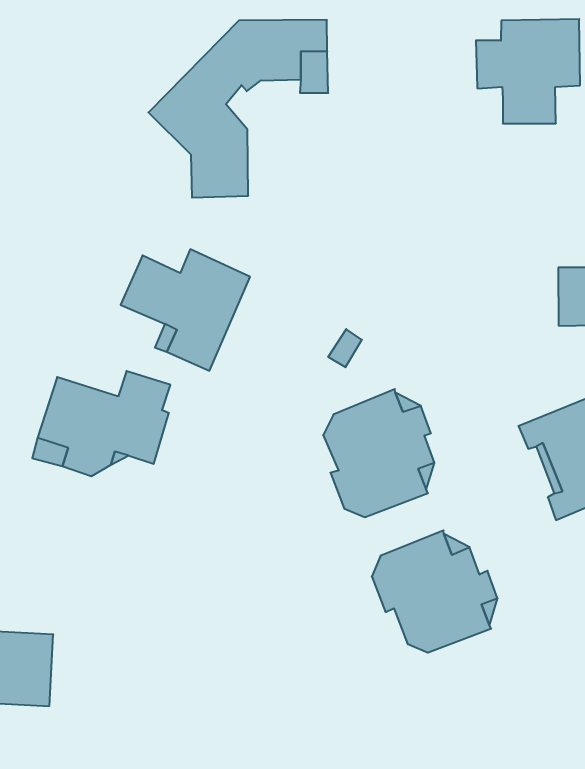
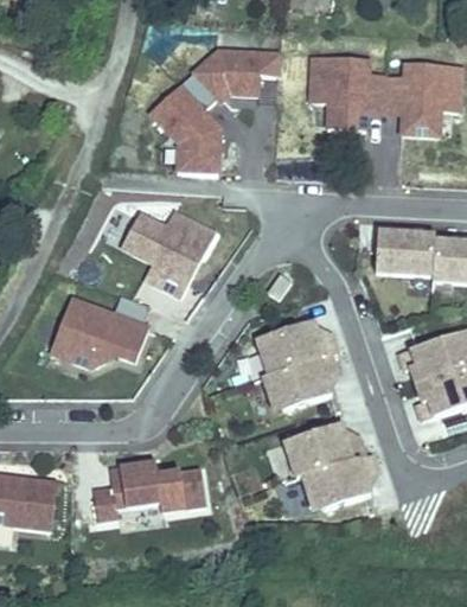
building: none -> [309,55,385,130]
building: none -> [375,231,434,281]
building: none -> [92,462,205,522]

